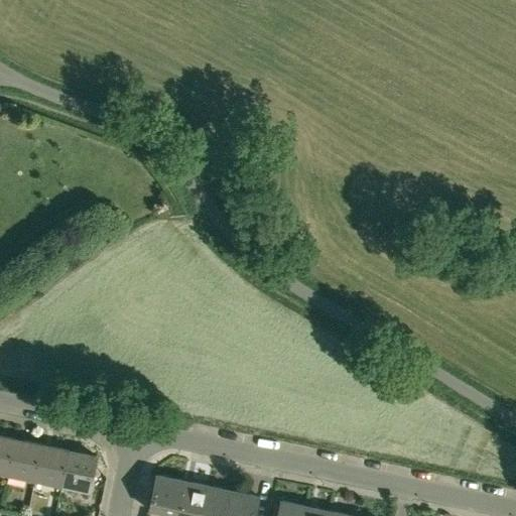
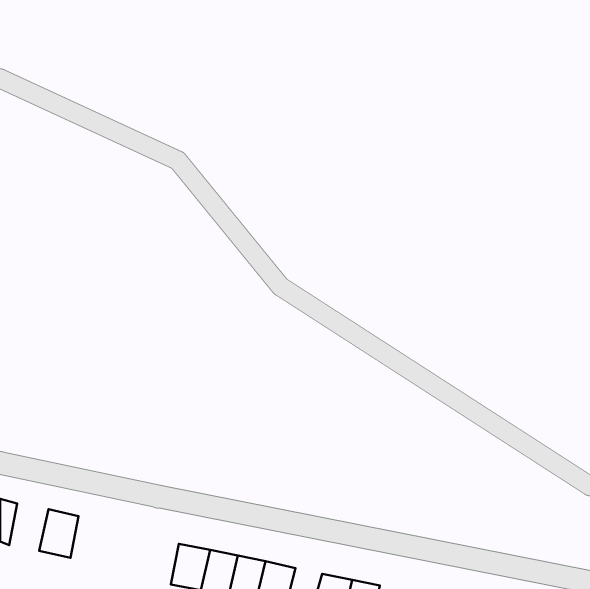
building: [8,440,42,482] -> none
building: [61,452,97,493] -> none

